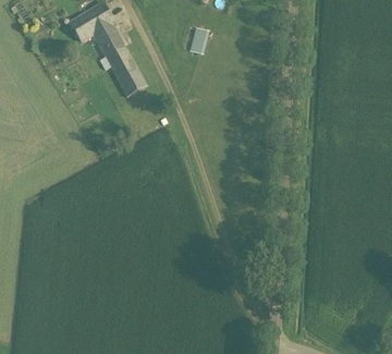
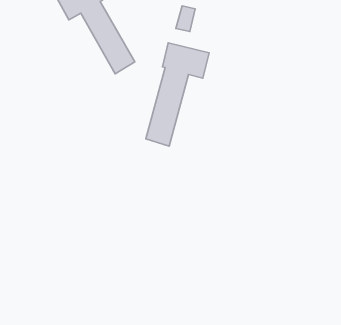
building: none -> [146,43,209,146]

